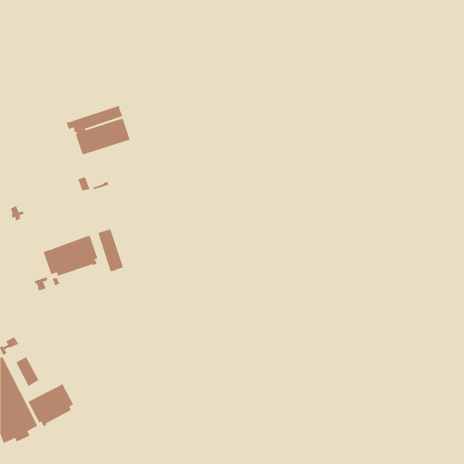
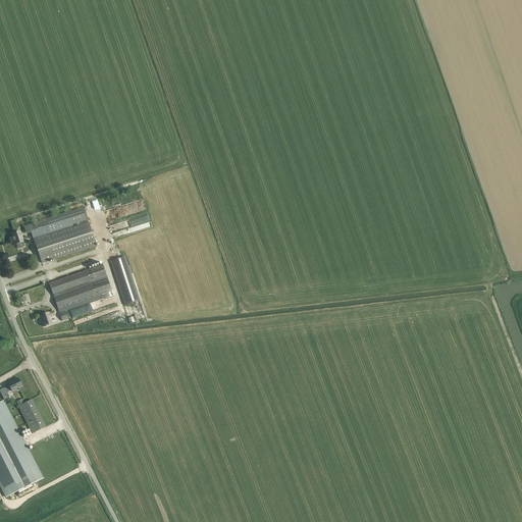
building: [66,105,130,155] -> [22,206,95,262]
building: [27,383,74,427] -> none

